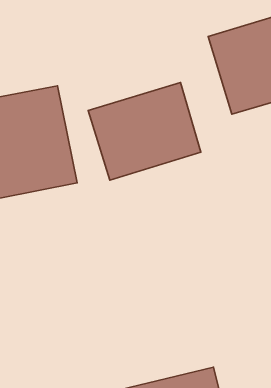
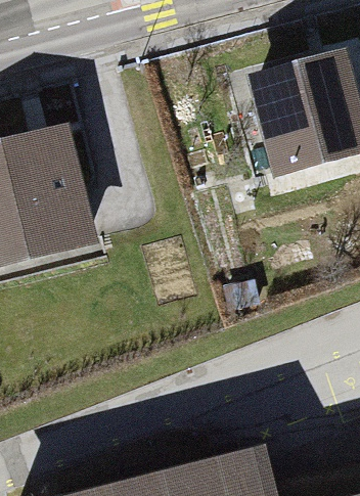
building: [88,83,201,180] -> none

